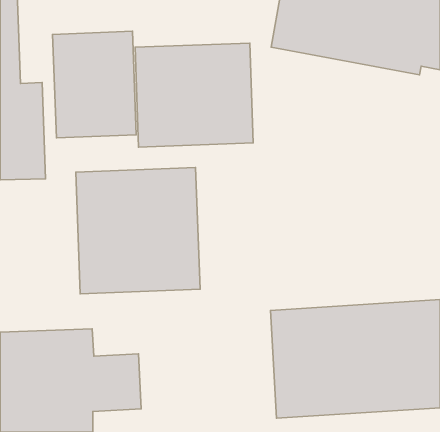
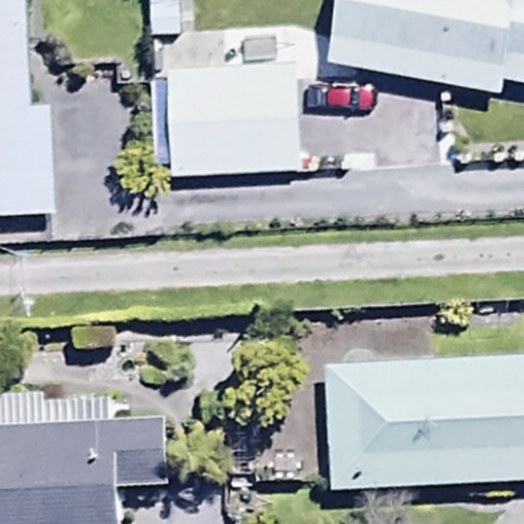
building: [52,31,136,138] -> none
building: [76,167,200,294] -> none

